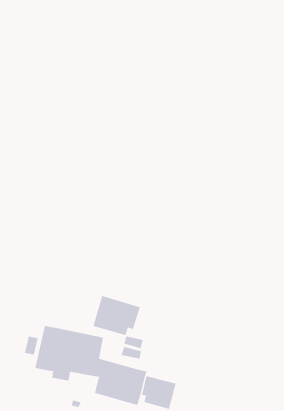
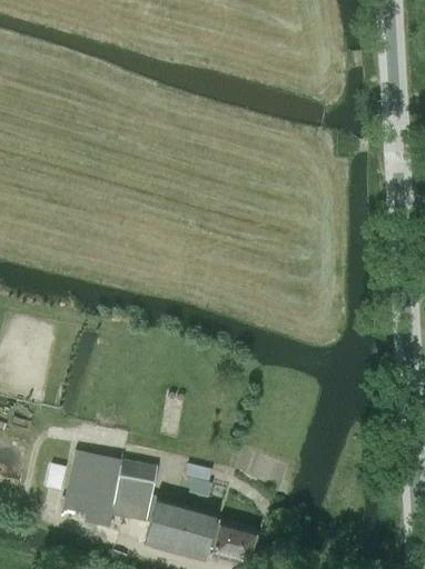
building: [93,295,140,336] -> none

